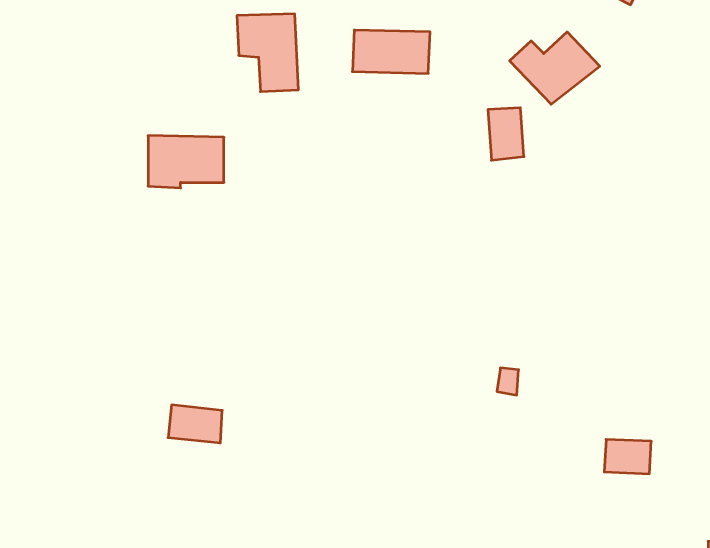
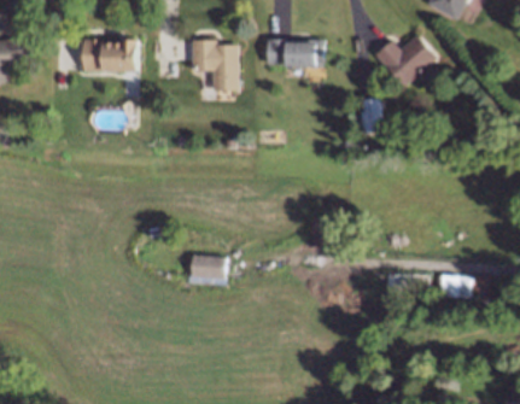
building: [148,136,224,188] -> [83,31,134,66]
building: [168,405,222,443] -> [189,257,226,282]
building: [604,439,651,474] -> [442,275,473,298]

